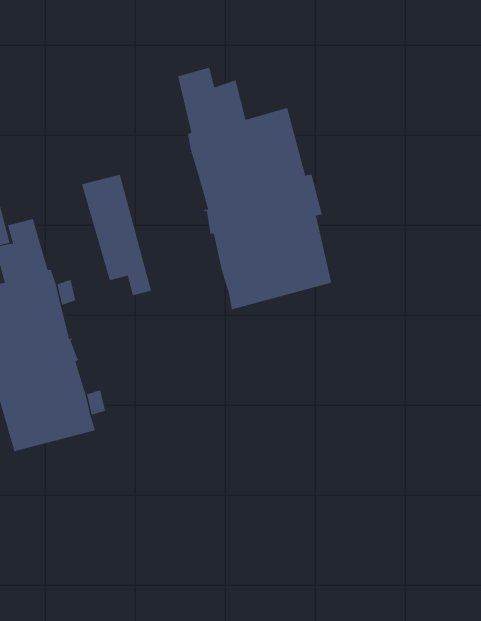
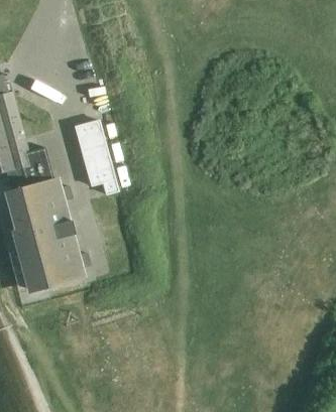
building: [178,67,332,310] -> none

